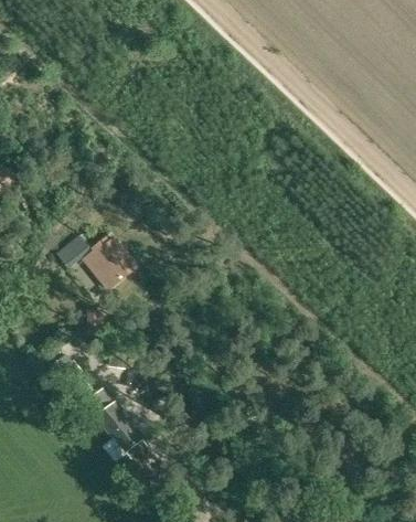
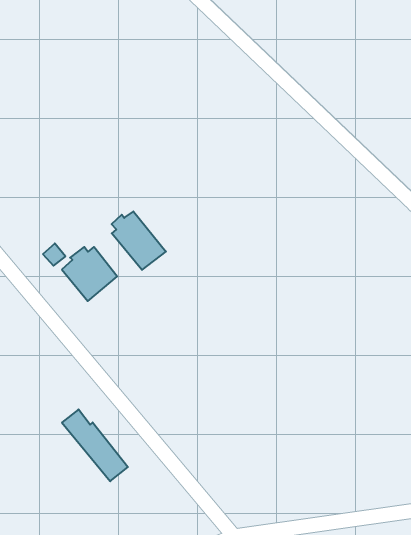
building: none -> [112,211,166,270]

